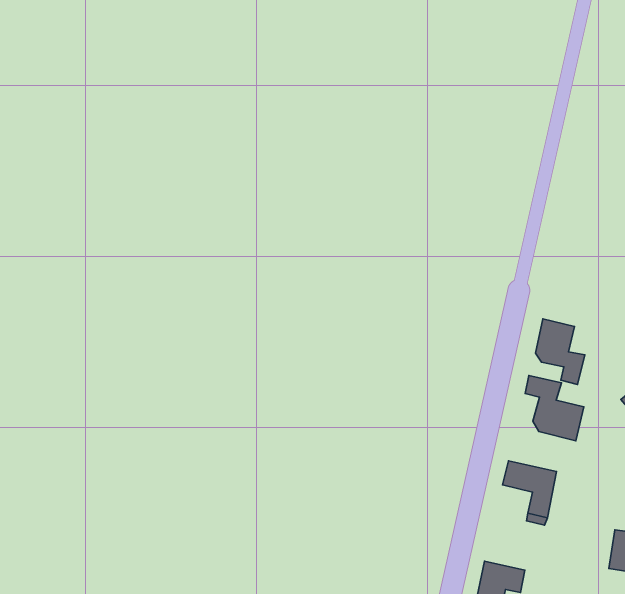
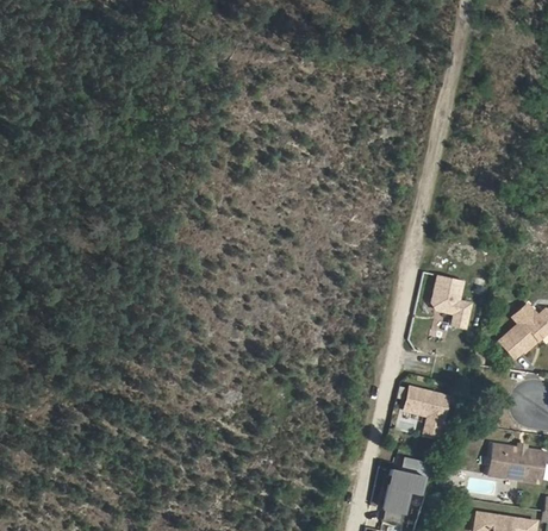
building: [525,376,584,441] -> none

